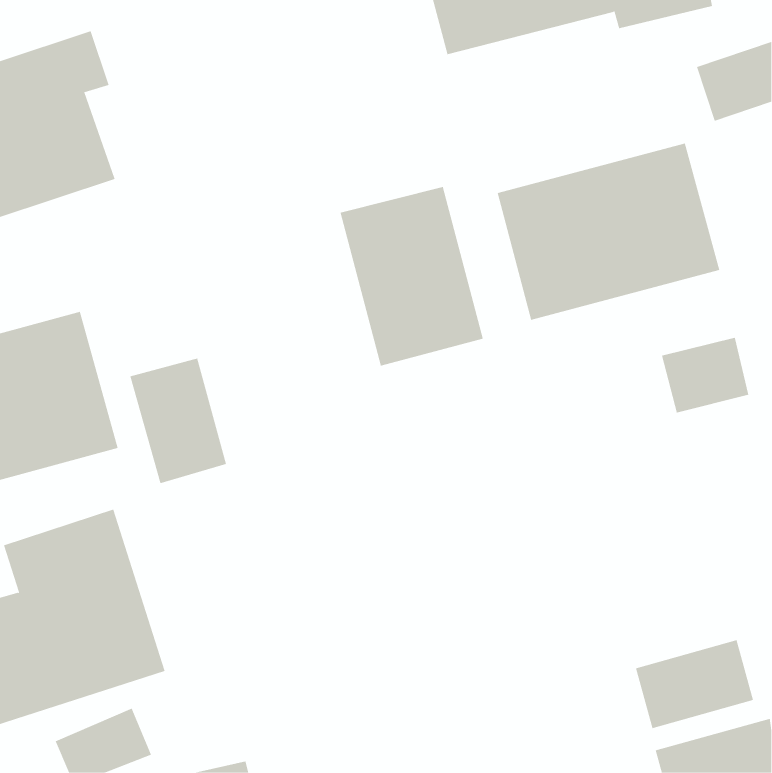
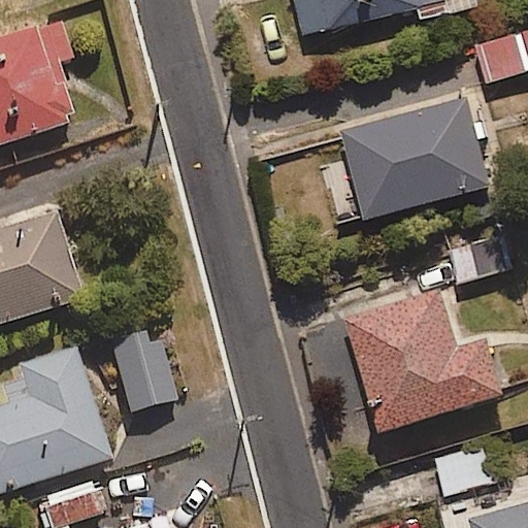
building: [340,186,483,366] -> none
building: [130,358,227,484] -> [111,328,177,414]
building: none -> [342,289,505,429]

